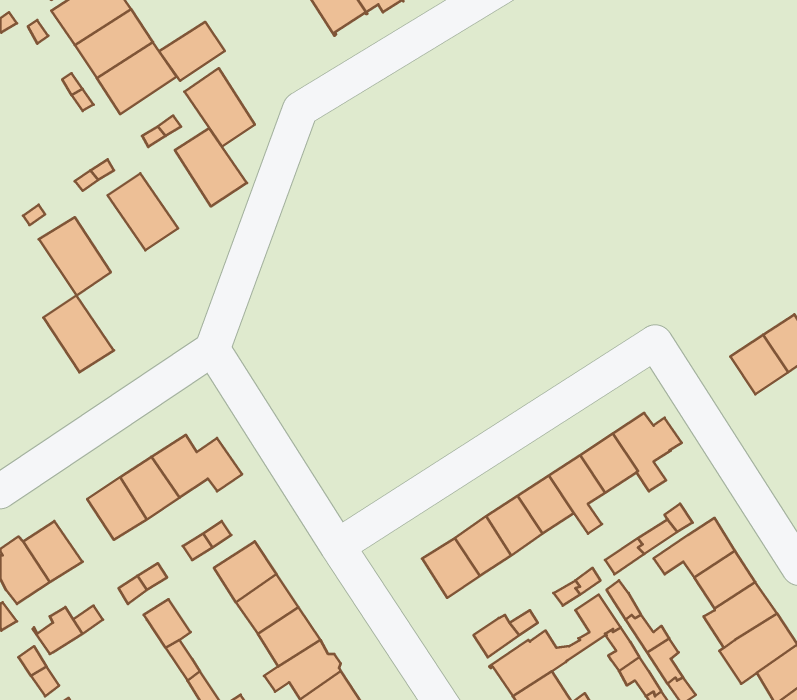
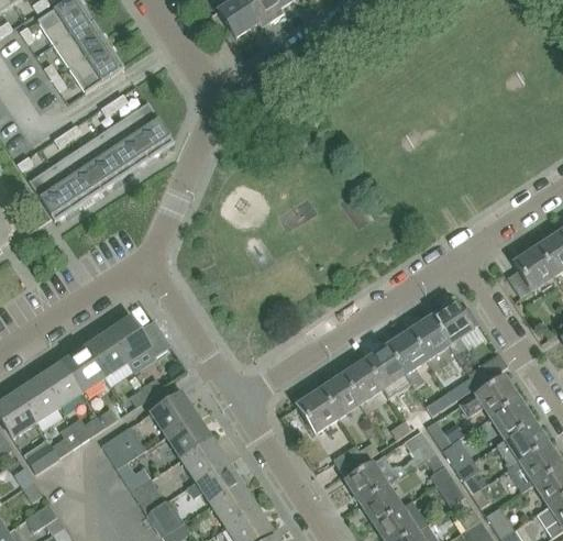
building: [159,22,225,81] -> none
building: [184,68,255,147] -> [99,118,148,173]
building: [43,296,114,372] -> [53,150,102,203]
building: none -> [38,363,80,407]

